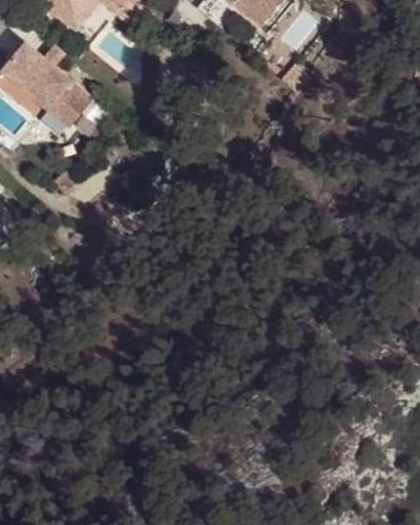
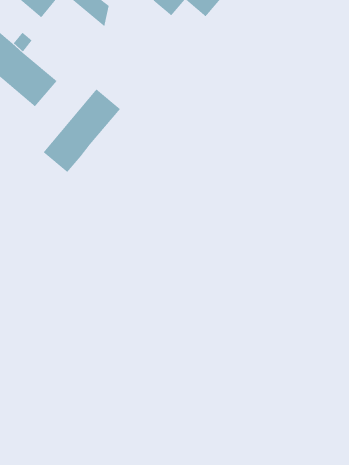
building: none -> [43,89,121,173]

